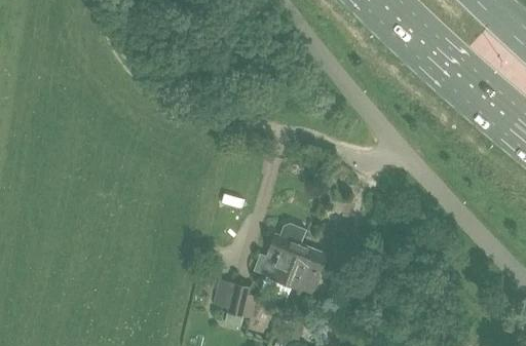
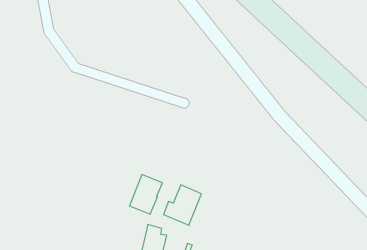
building: [285,245,326,295] -> [129,174,162,214]

